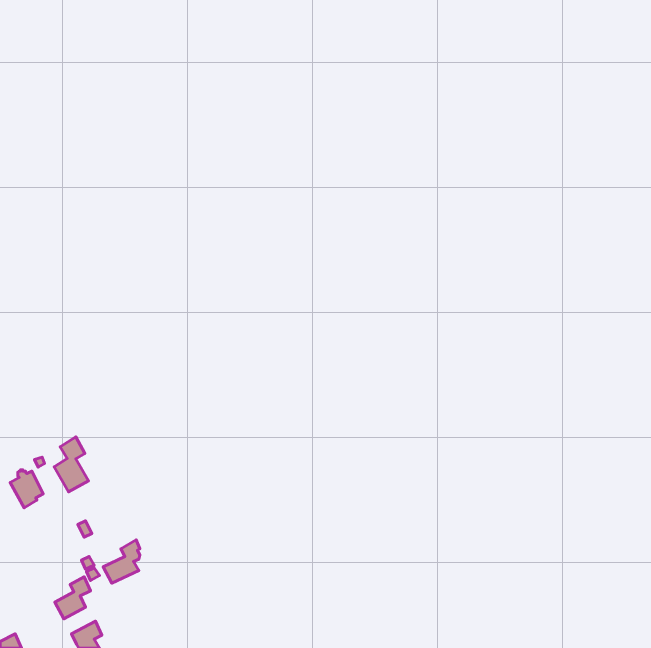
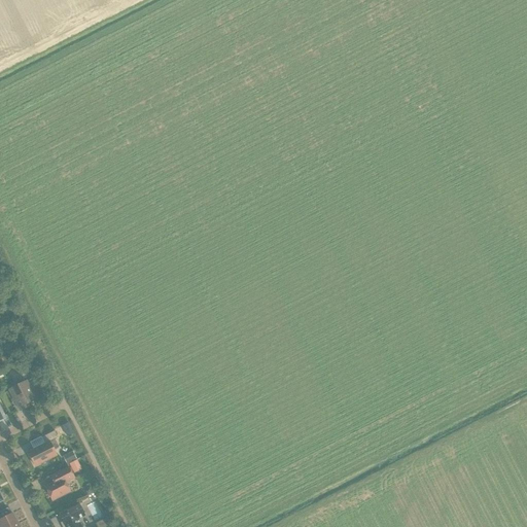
building: [54,437,88,492] -> none
building: [103,540,140,583] -> [27,430,57,465]

